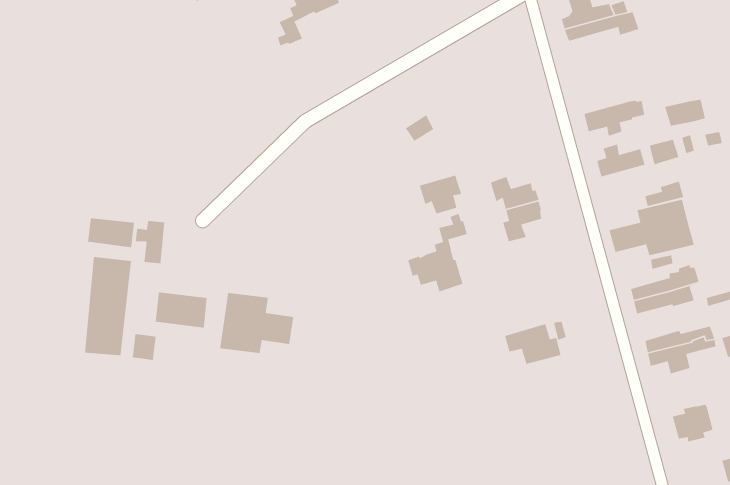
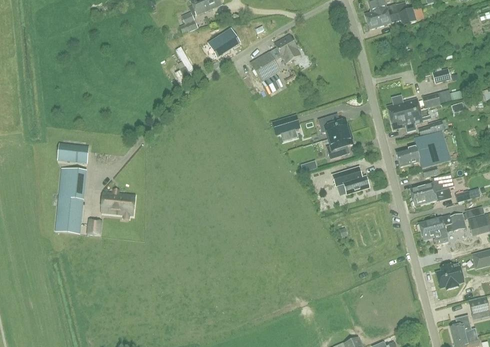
building: none -> [212,28,239,54]
building: none -> [250,36,300,81]
building: [583,100,645,137] -> [390,108,430,132]
building: [407,213,468,292] -> none
building: [135,220,165,264] -> none
building: [219,292,294,354] -> none
building: [504,323,561,365] -> [332,167,369,194]

